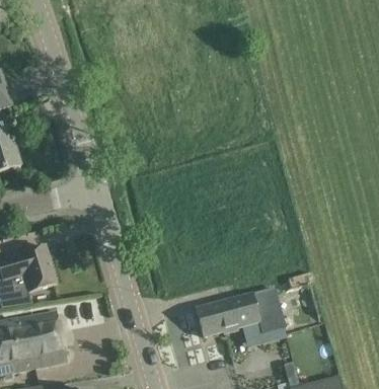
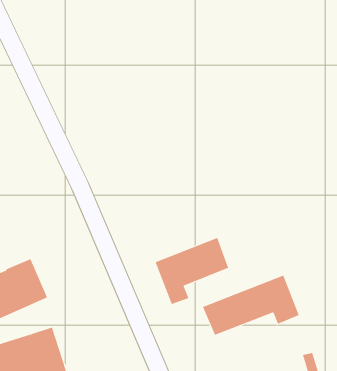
building: none -> [155,237,229,305]

